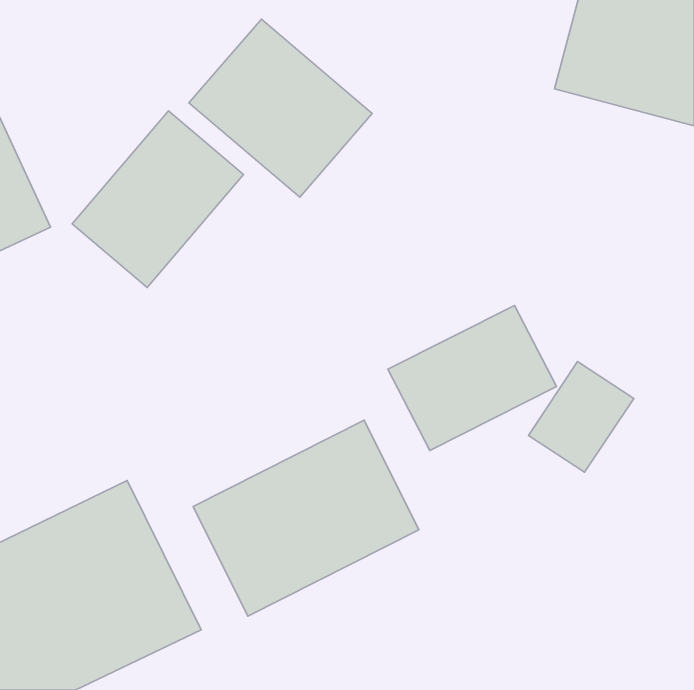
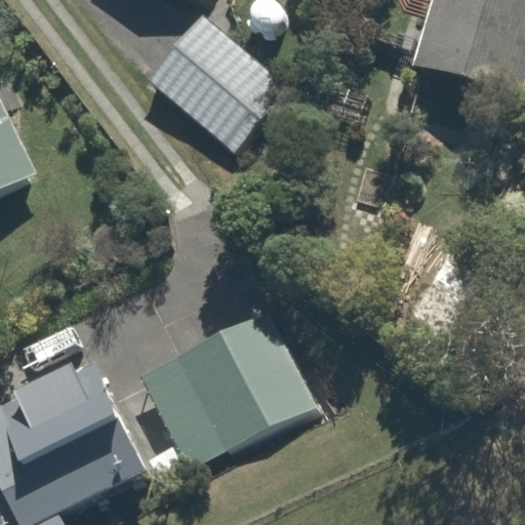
building: [72,111,244,288] -> none
building: [388,305,556,450] -> none

